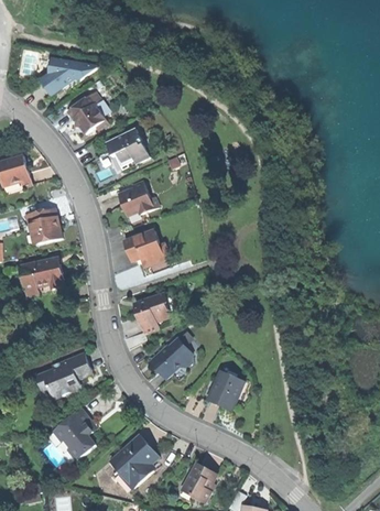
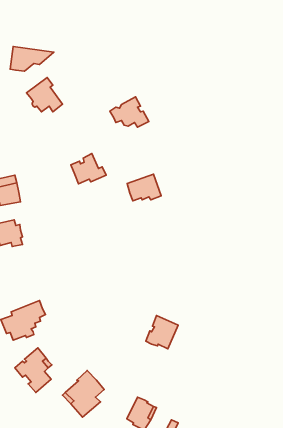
building: [106,127,151,162] -> [110,97,149,127]
building: [123,229,163,260] -> [127,174,161,201]
building: [133,294,167,331] -> none
building: [150,338,194,378] -> none

